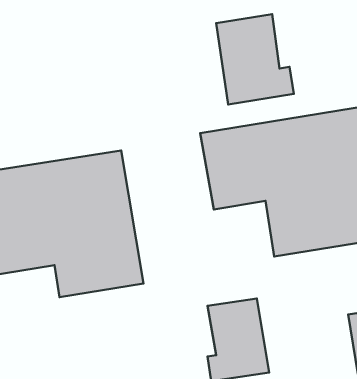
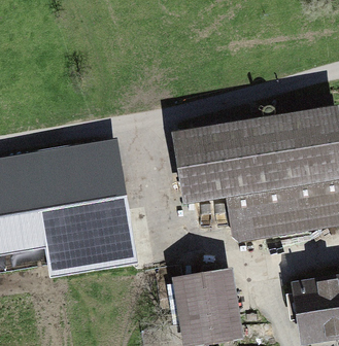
building: [216,14,294,104] -> none

